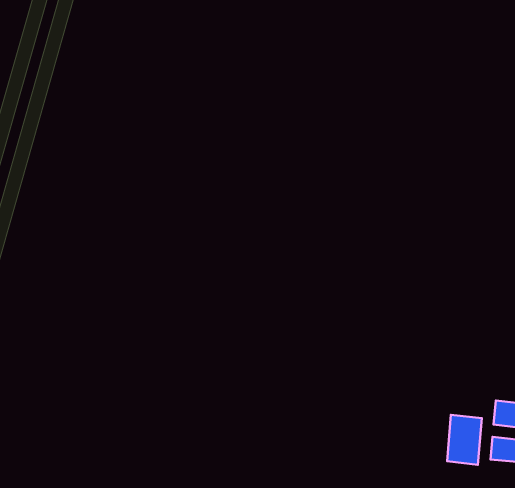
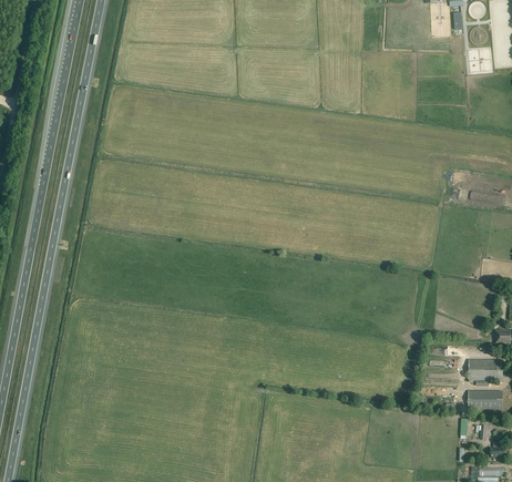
building: [447,415,482,465] -> none

